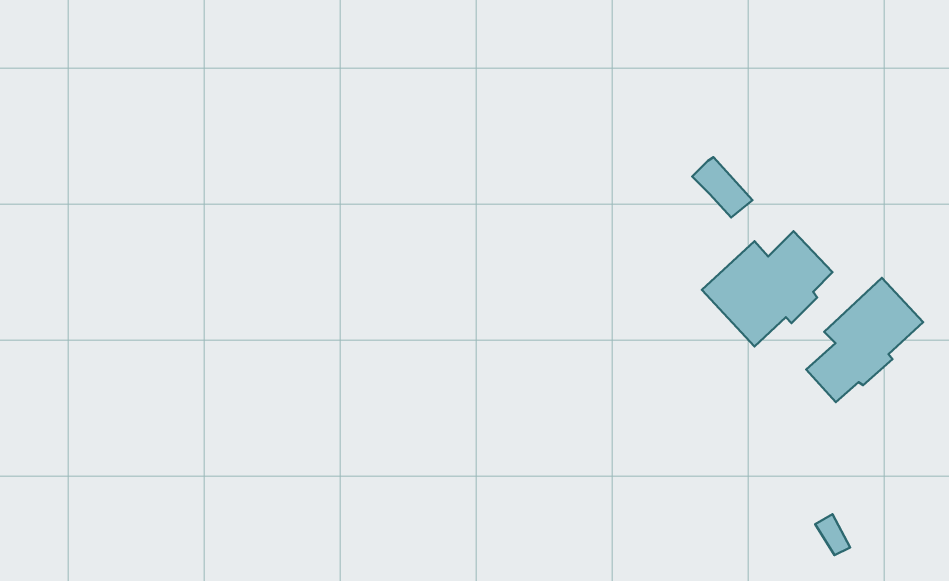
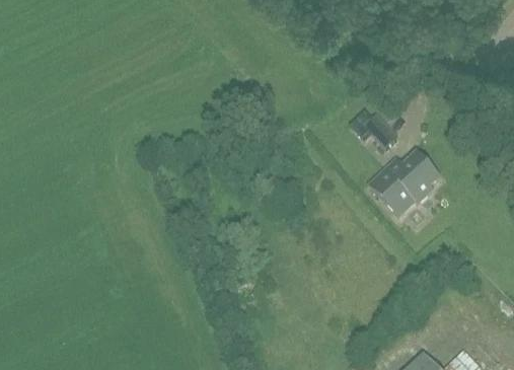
building: [806,278,923,402] -> none

